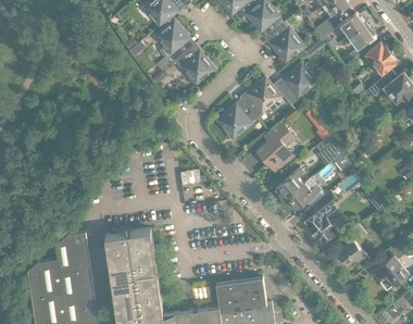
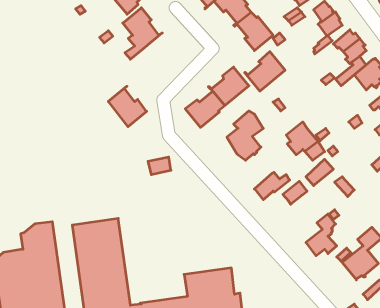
building: [175,45,213,85] -> [108,86,147,127]
building: [274,167,303,200] -> none
building: [304,211,337,244] -> none

